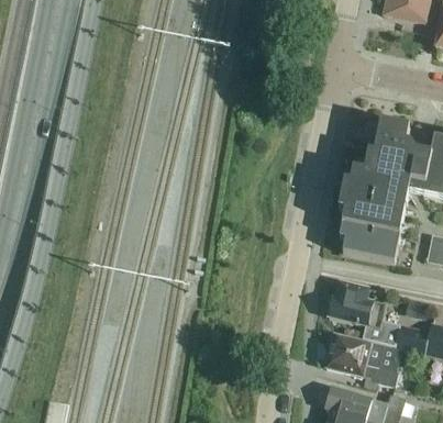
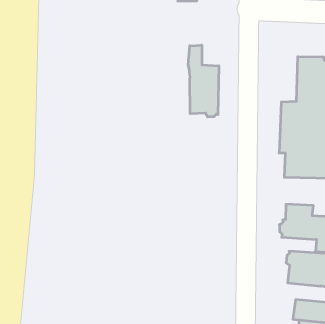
building: none -> [188,45,219,117]

